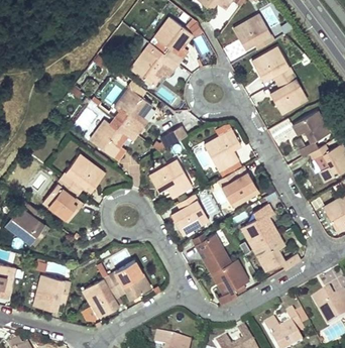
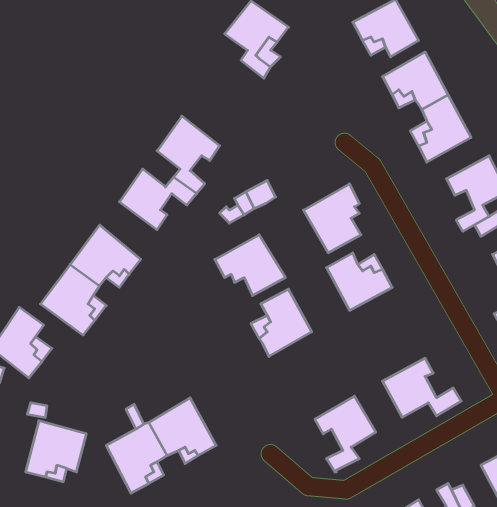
building: [131,47,180,85] -> none
building: [240,202,278,248] -> none
building: [190,236,235,271] -> none

